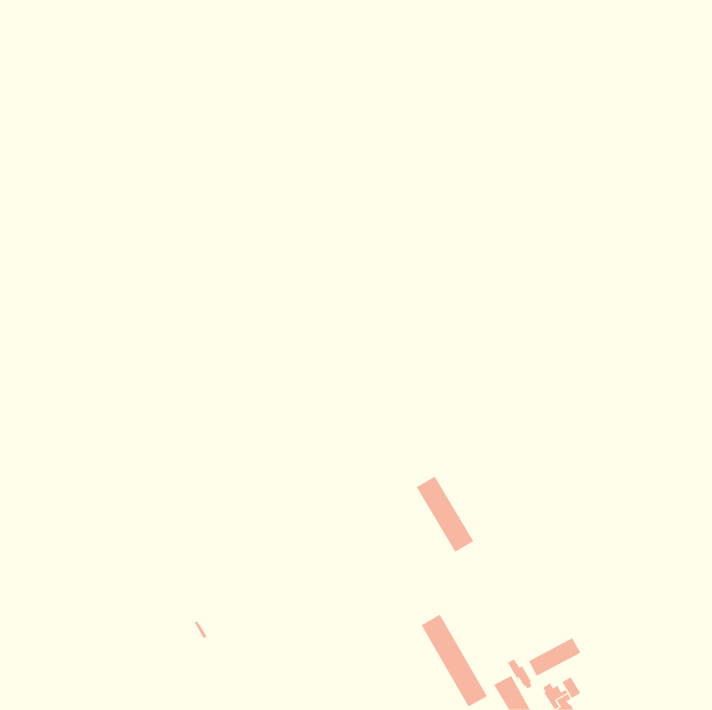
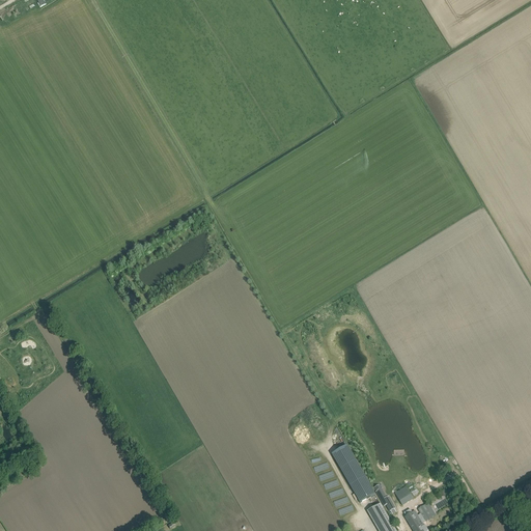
building: [416,476,474,552] -> [332,445,375,502]

